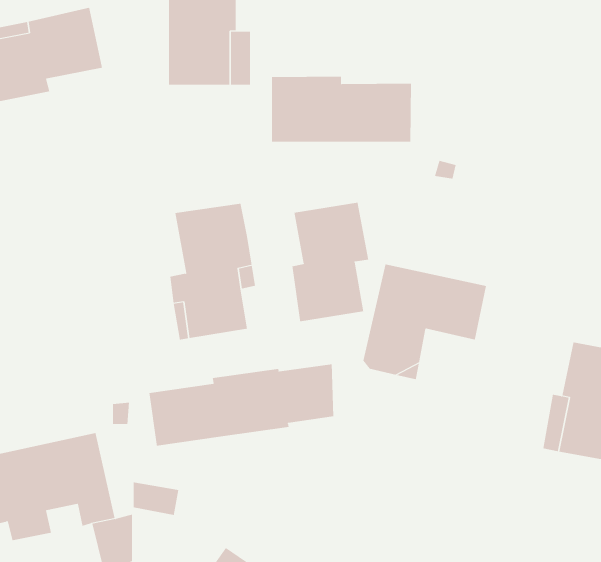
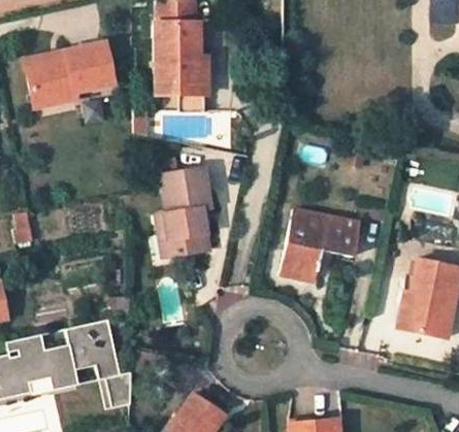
building: [272,76,411,142] -> none
building: [292,202,369,322] -> none
building: [149,363,334,446] -> none

